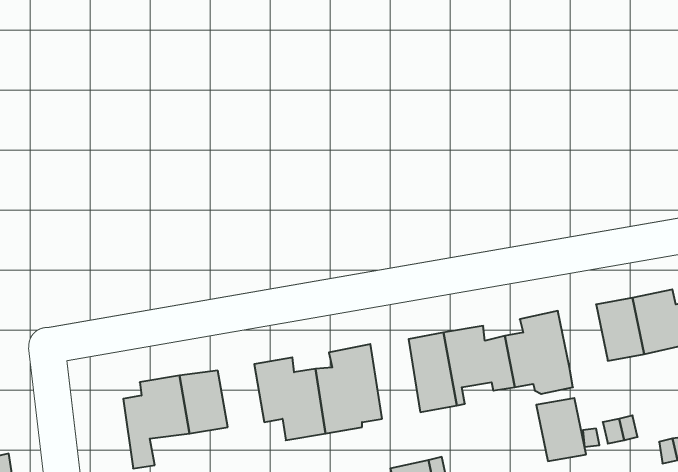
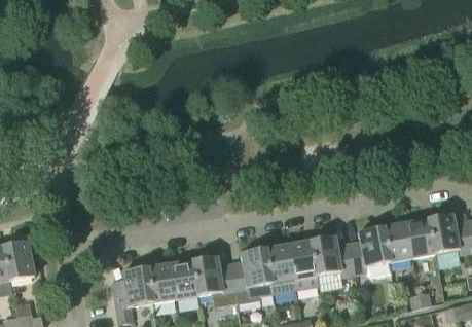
building: none -> [265,244,296,293]
building: none -> [171,259,199,298]
building: [536,398,586,461] -> [382,222,412,261]

